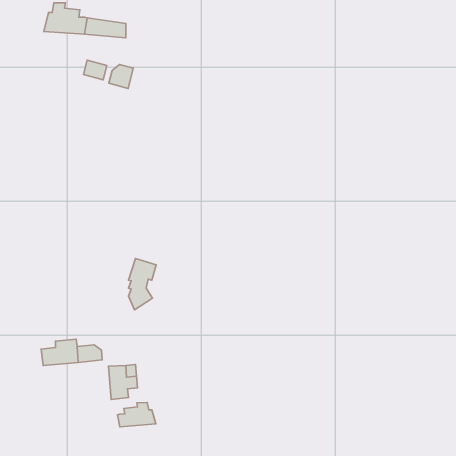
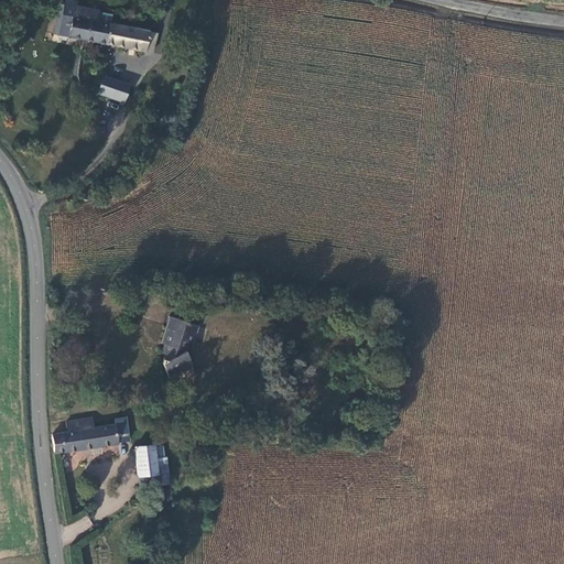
building: [109,64,133,88] -> none
building: [118,402,156,427] -> none

